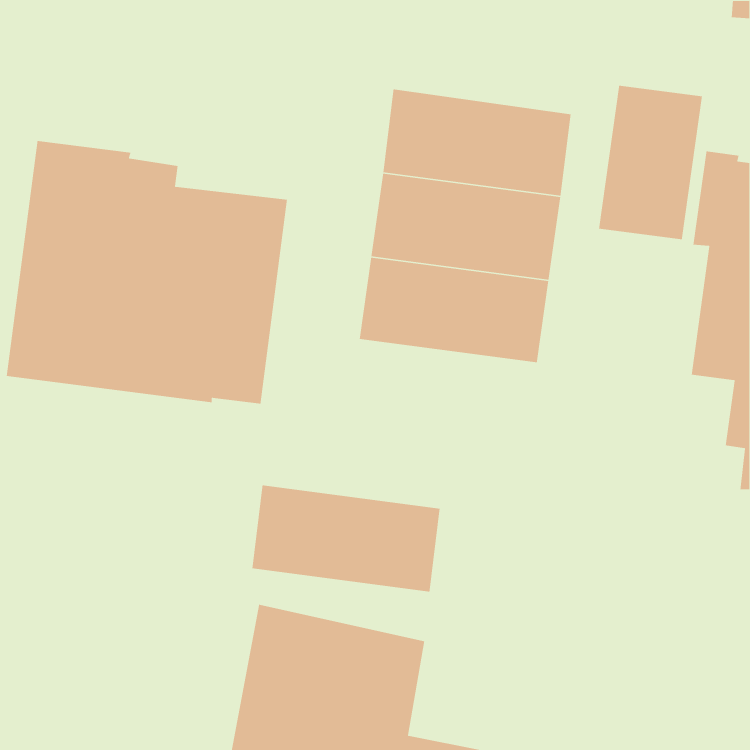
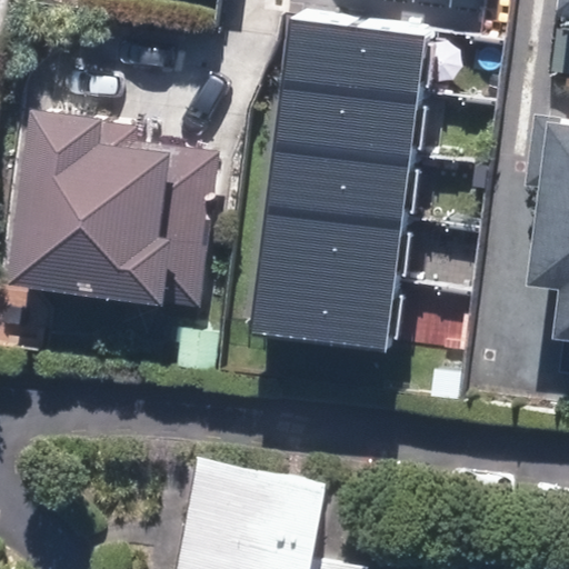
building: none -> [296,8,439,89]
building: [598,85,703,240] -> none
building: [252,485,441,592] -> [262,259,405,340]

